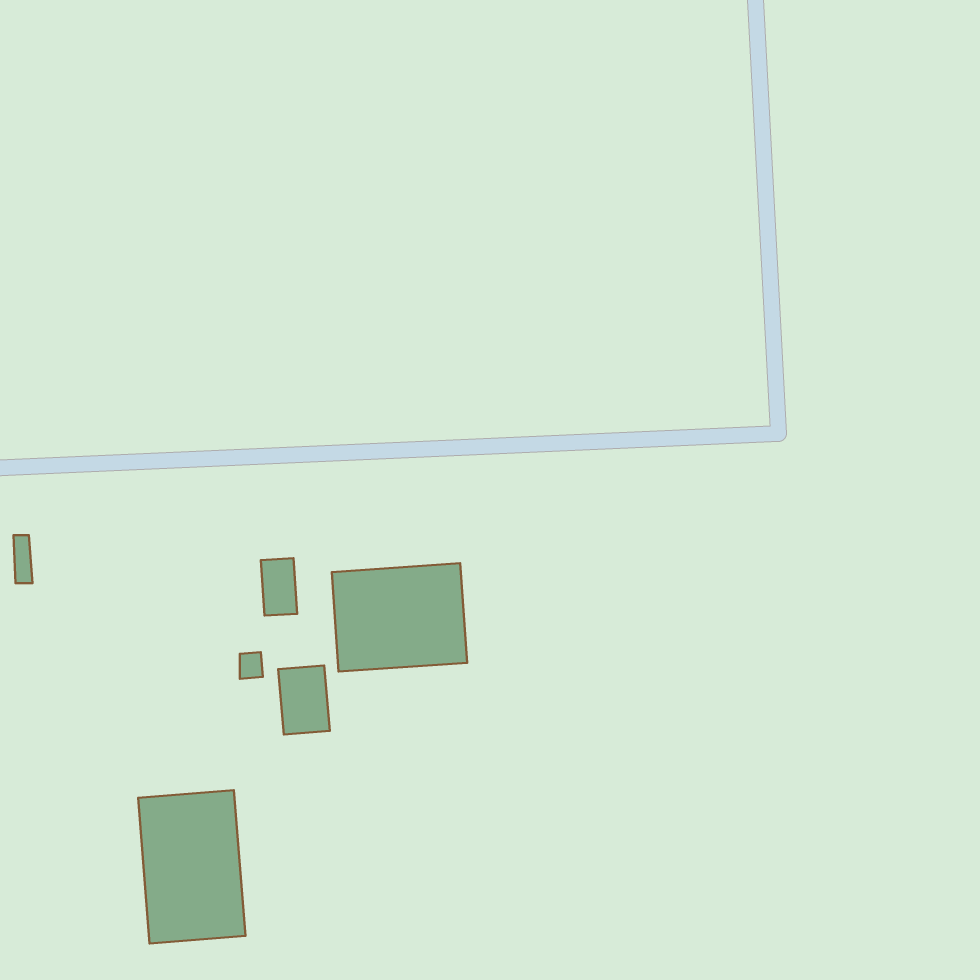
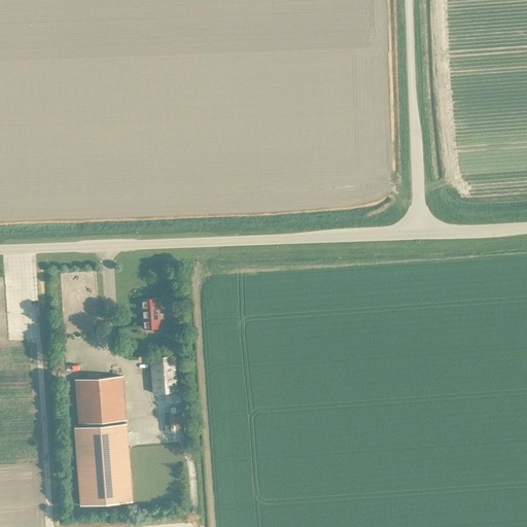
building: [332,563,467,672] -> none
building: none -> [74,378,126,424]

